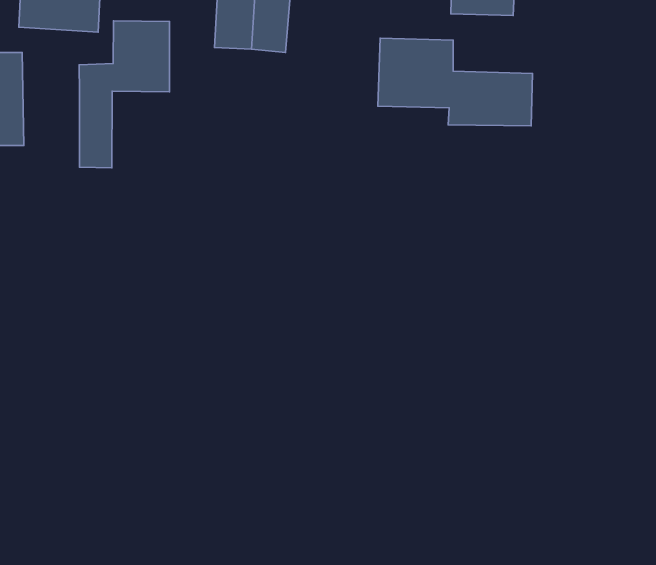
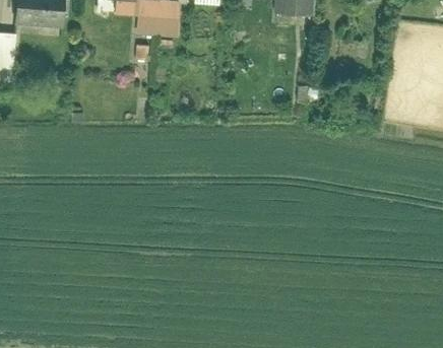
building: [79,21,169,168] -> none
building: [378,38,532,126] -> none

